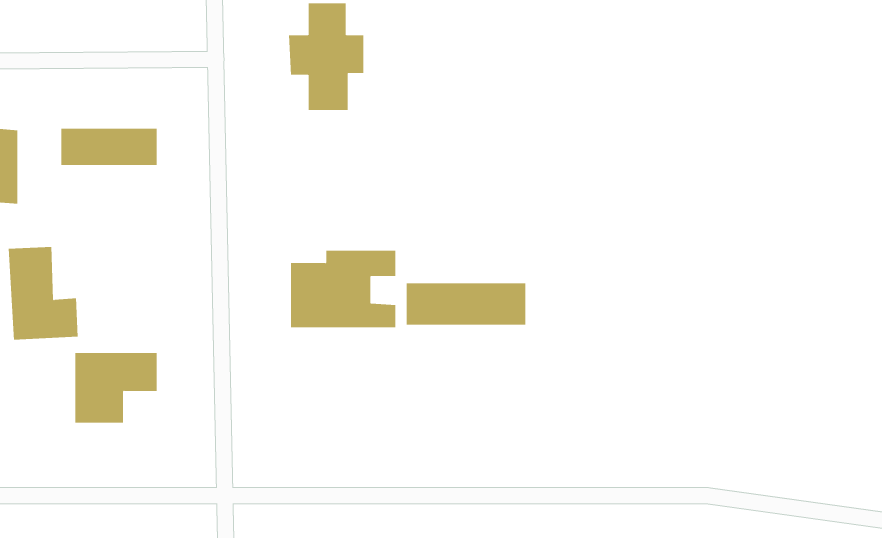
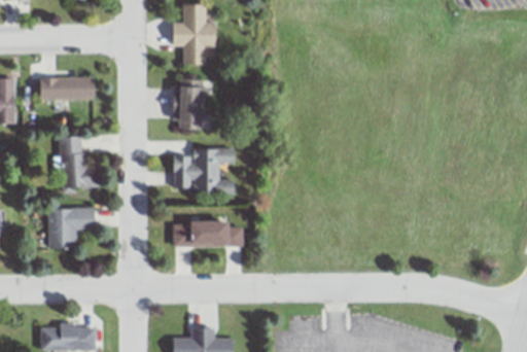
building: none -> [177,79,208,130]
building: [8,247,79,340] -> [58,136,99,190]
building: [406,283,526,325] -> [173,222,243,247]

